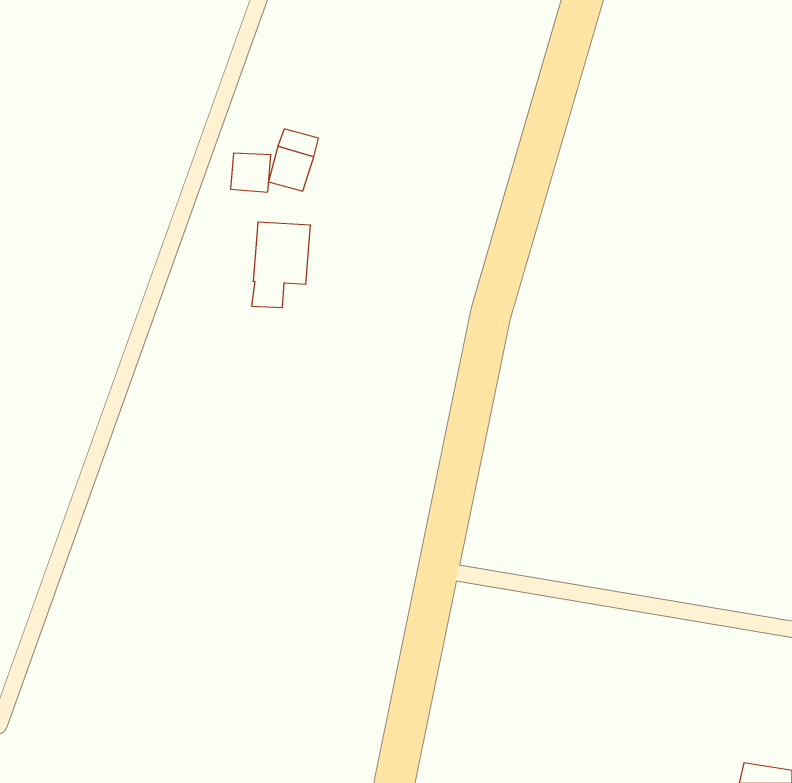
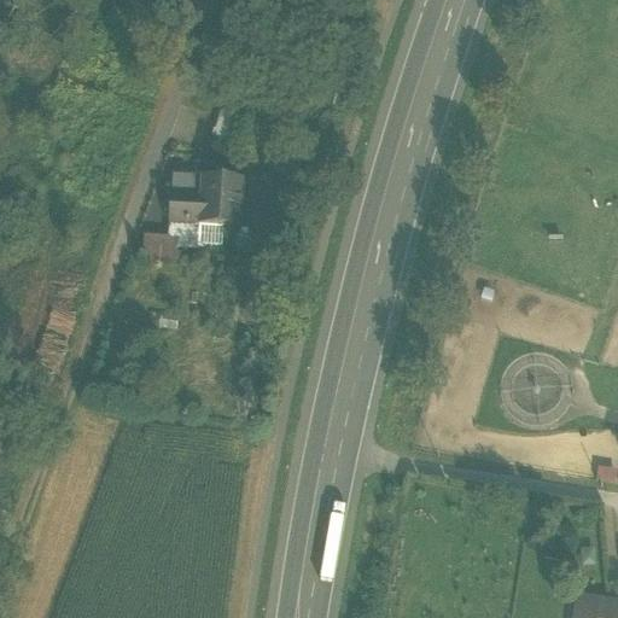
building: [231,153,271,192] -> [168,188,199,218]
building: none -> [141,229,175,258]

